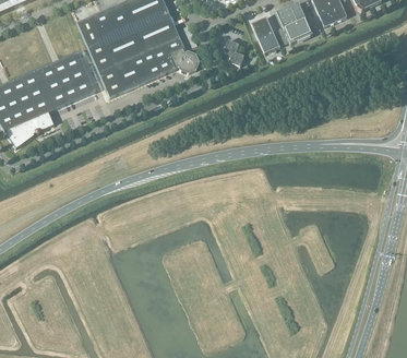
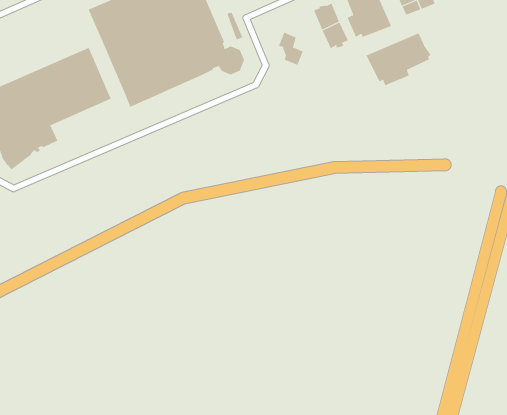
building: none -> [366,33,431,86]

